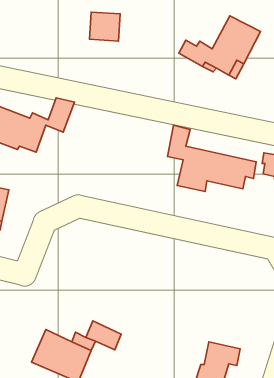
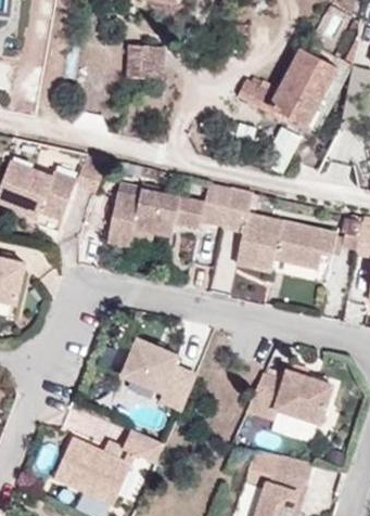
building: none -> [107,181,230,245]
building: none -> [123,338,194,408]
building: none -> [245,370,331,422]

